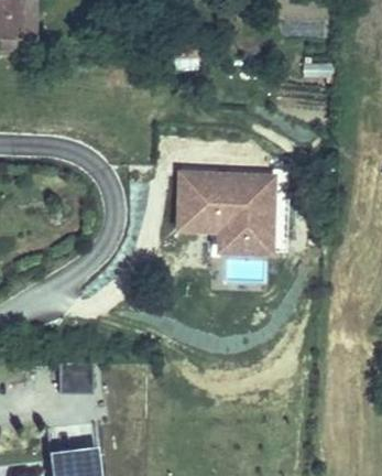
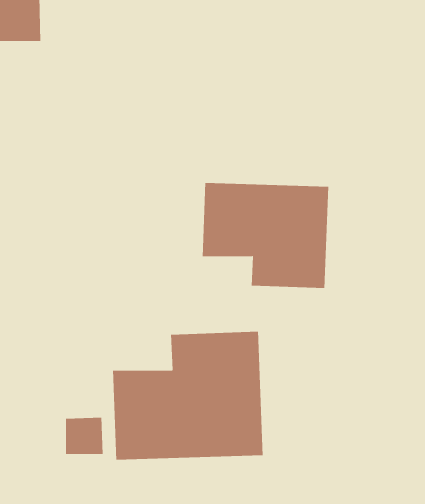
building: none -> [113,331,263,461]

